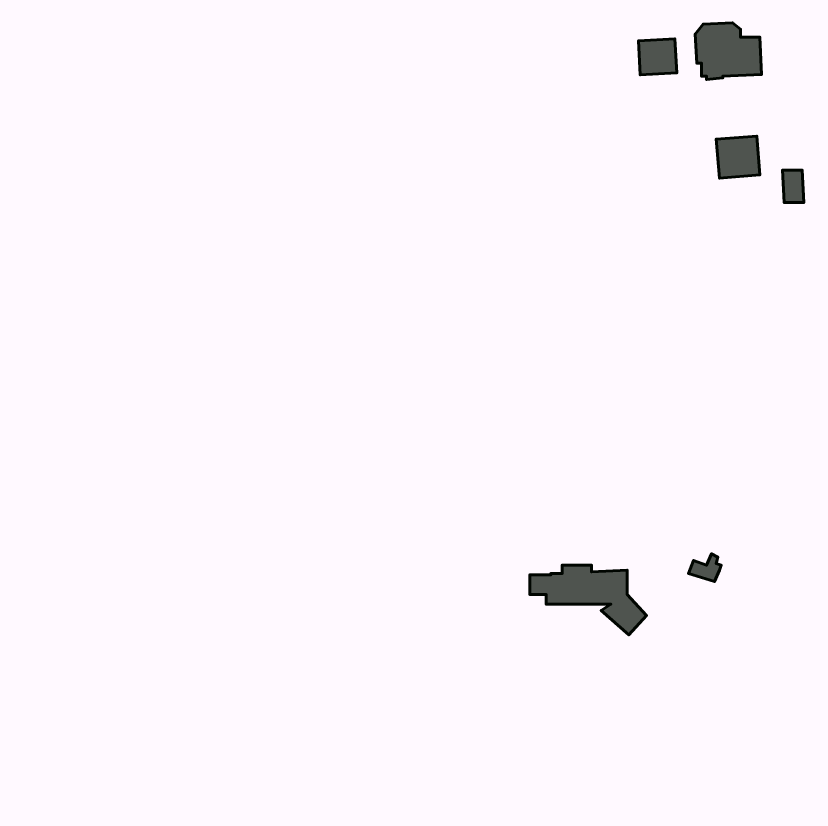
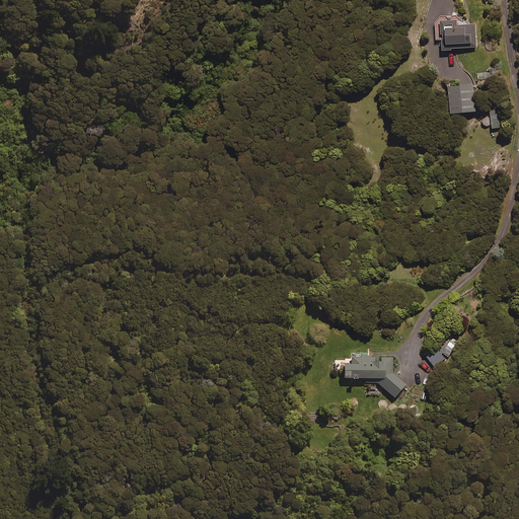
building: [638,39,677,75] -> none

